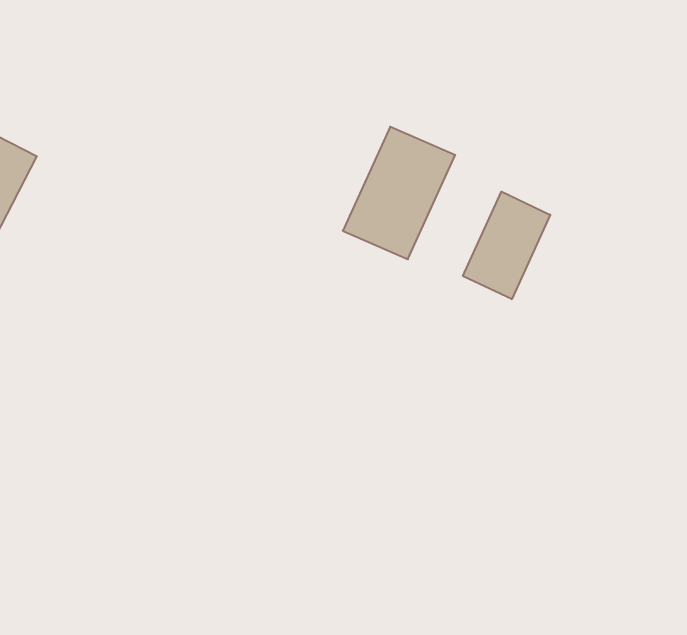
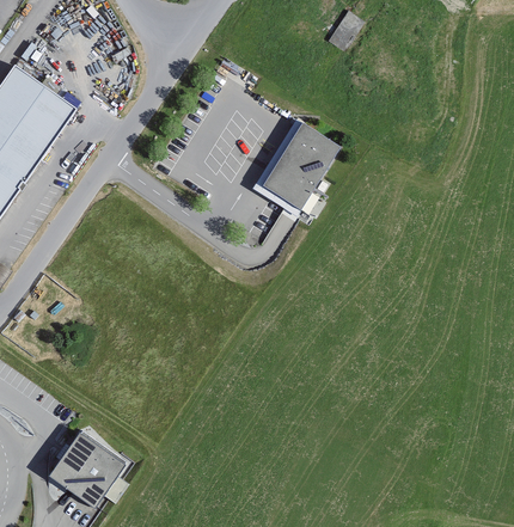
building: [463,192,550,299] -> none

